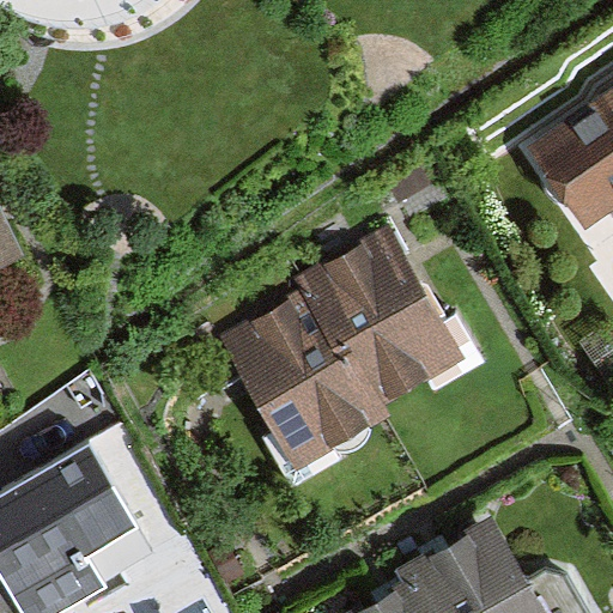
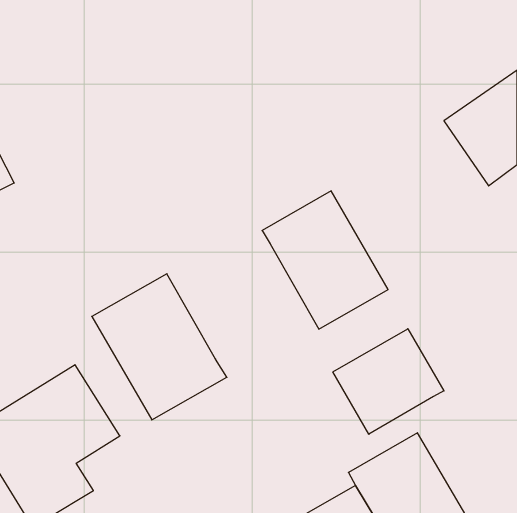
building: [230,295,389,467] -> [92,274,227,420]
building: none -> [333,329,444,434]

